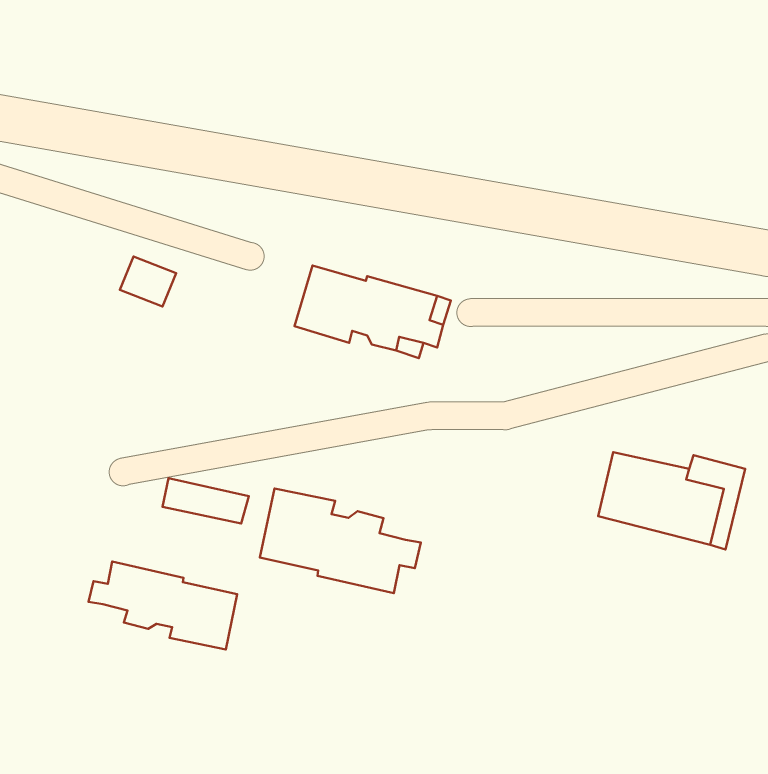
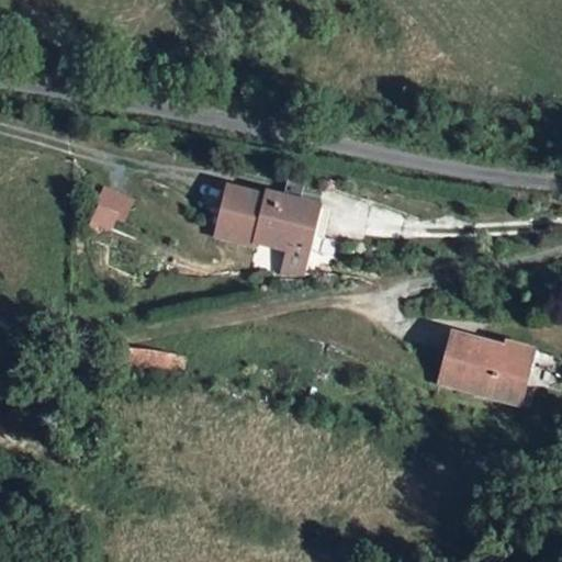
building: [260,488,421,593] -> none
building: [89,562,237,650] -> none

